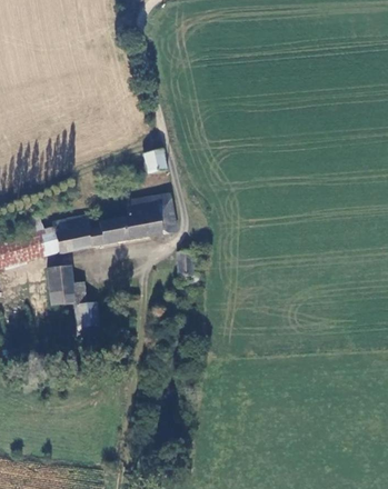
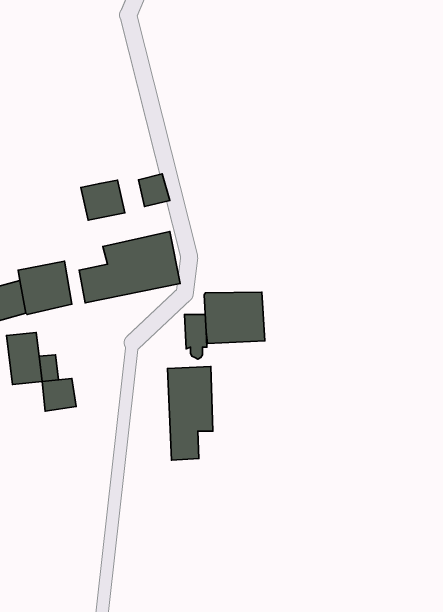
building: none -> [81,180,125,220]
building: none -> [204,292,265,343]
building: none -> [168,366,213,460]

